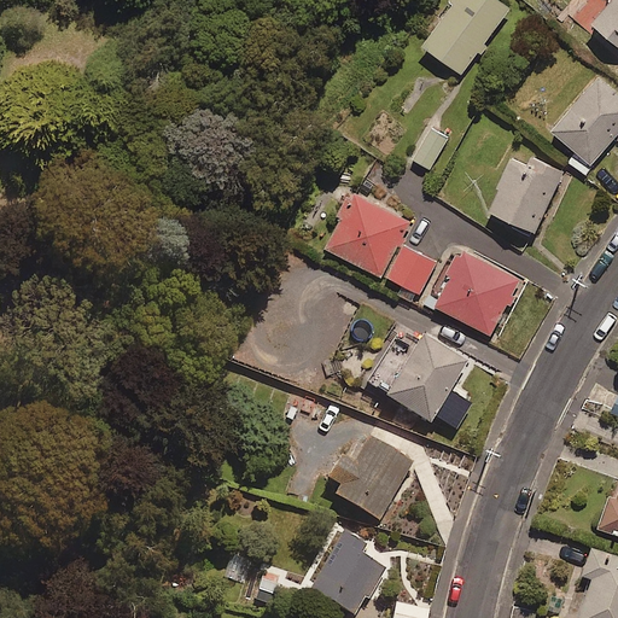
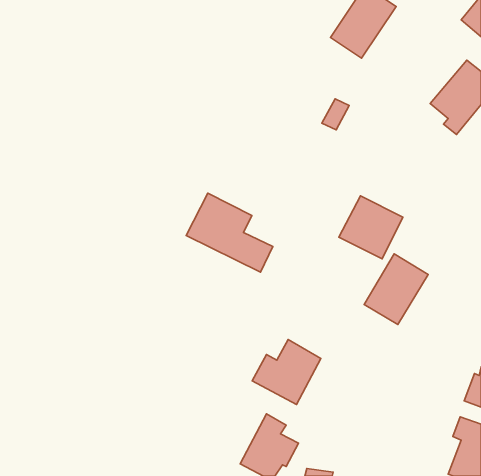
building: [488,157,561,235] -> none
building: [325,192,436,293] -> [186,193,273,272]
building: [384,333,466,424] -> [364,254,428,324]

